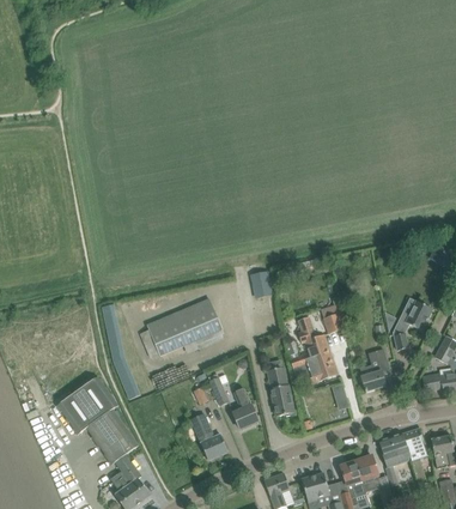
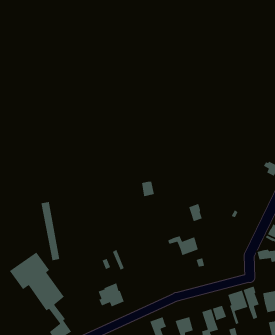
building: [147,297,225,355] -> none
building: [393,299,432,349] -> none
building: [298,316,330,360] -> none
building: [360,347,388,392] -> none
building: [267,366,293,414] -> none
building: [232,387,257,428] -> none

